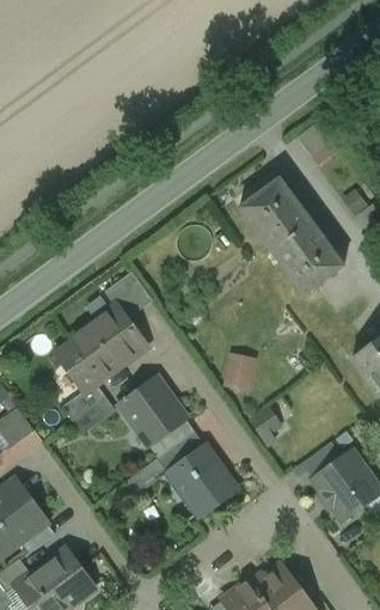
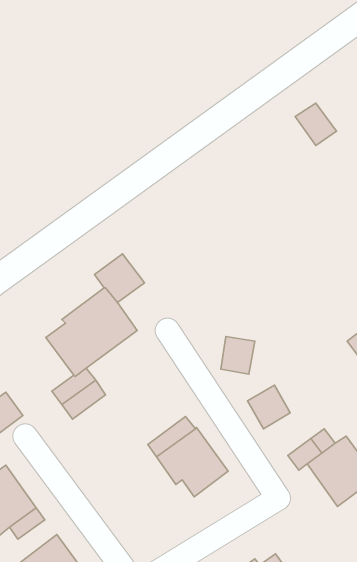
building: [239,178,345,295] -> none
building: [118,377,186,447] -> none

